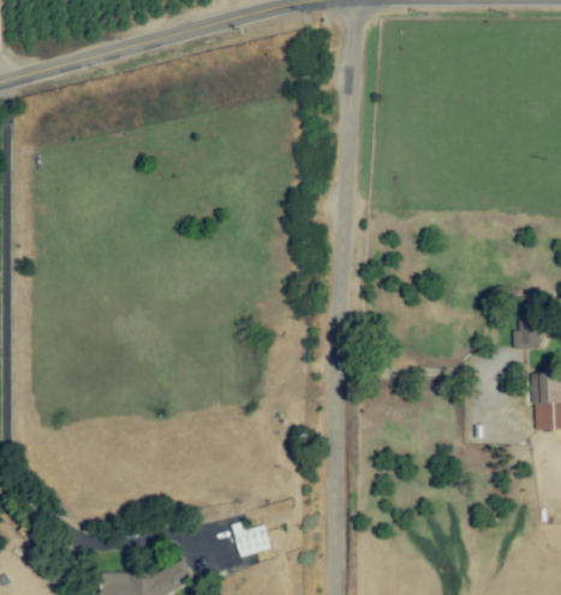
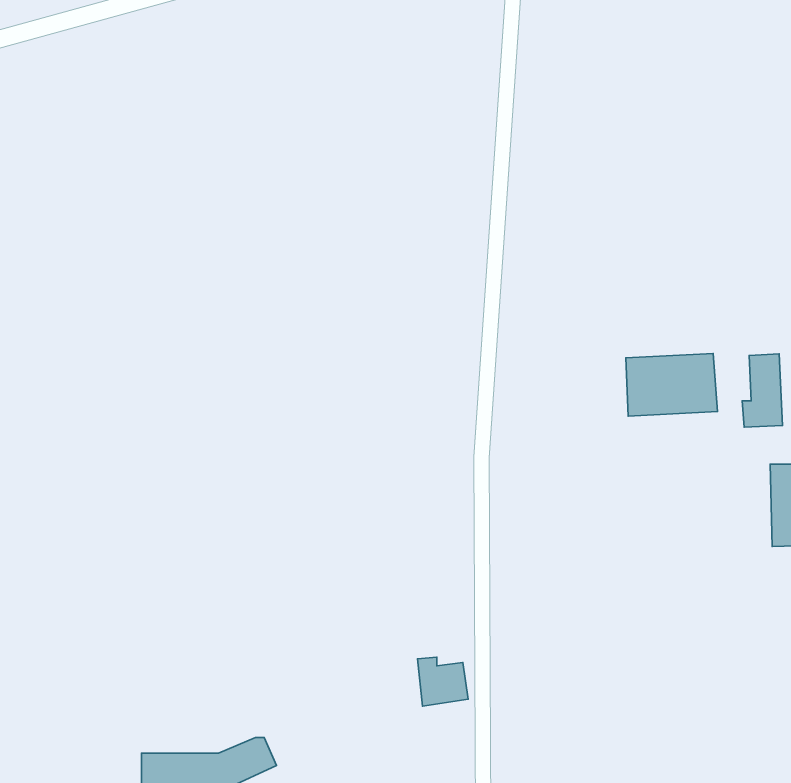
building: none -> [626,354,717,416]
building: [234,522,269,555] -> [417,657,468,706]

